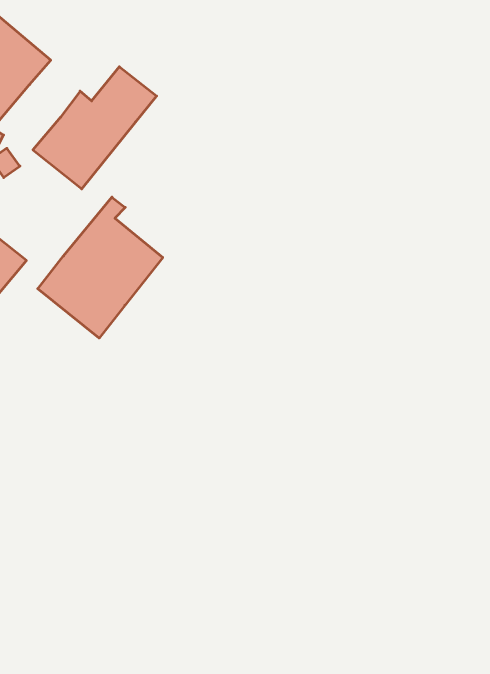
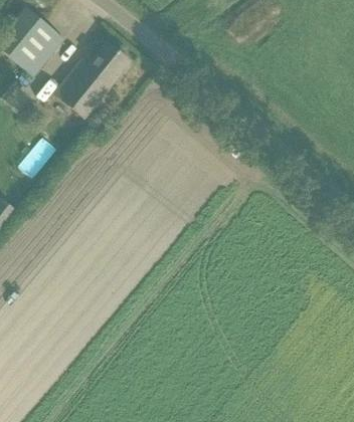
building: [38,197,163,338] -> none

